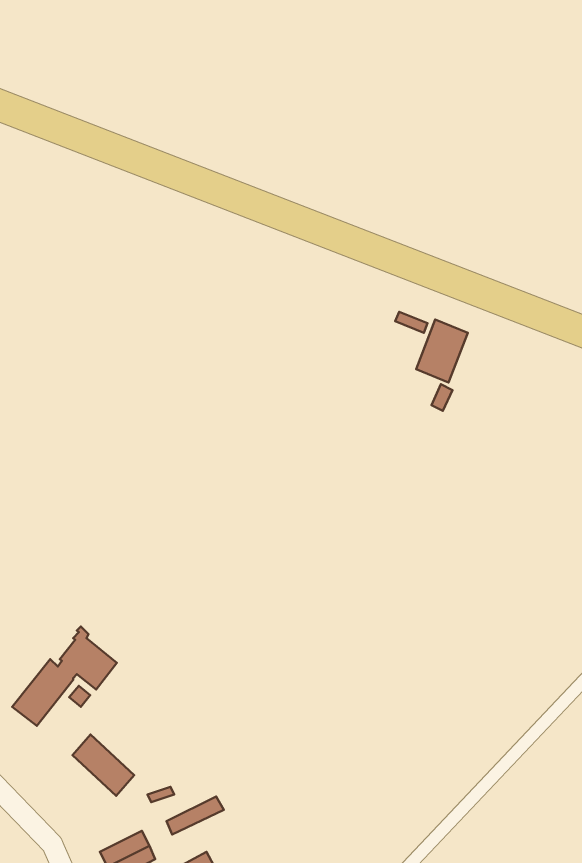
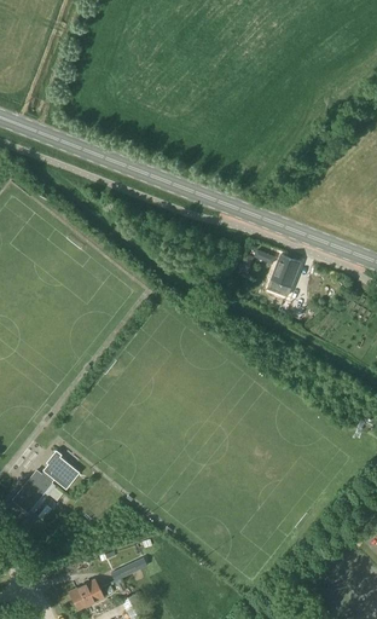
building: [72,735,134,796] -> none

